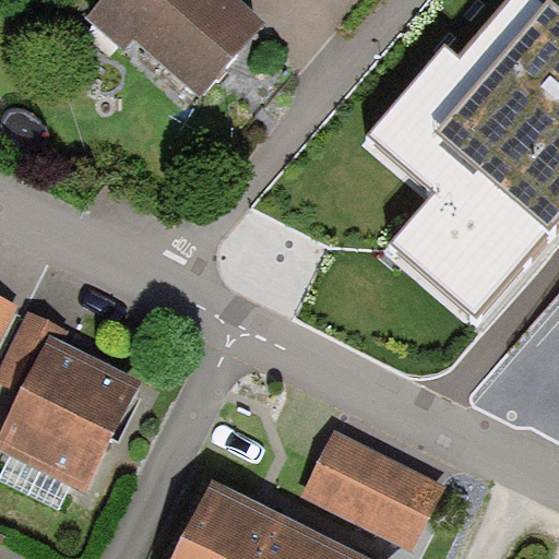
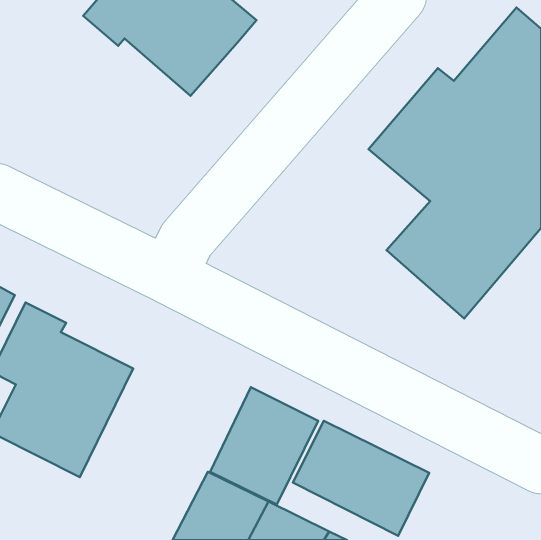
building: none -> [210,387,318,505]

